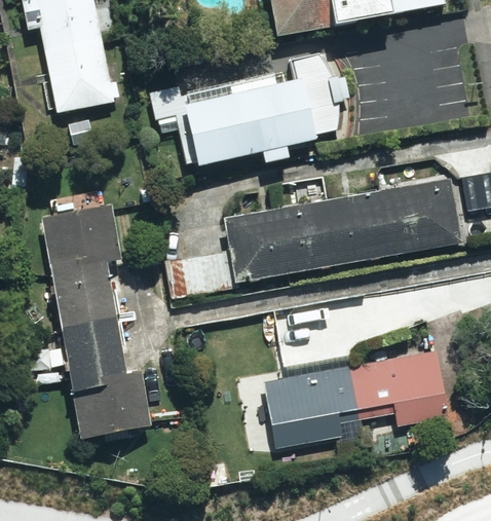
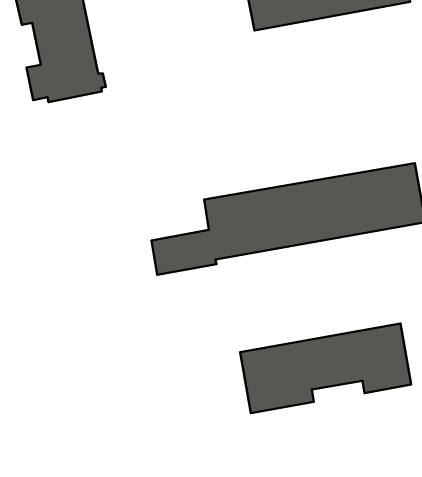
building: [176,58,329,164] -> none
building: [43,204,152,439] -> none

